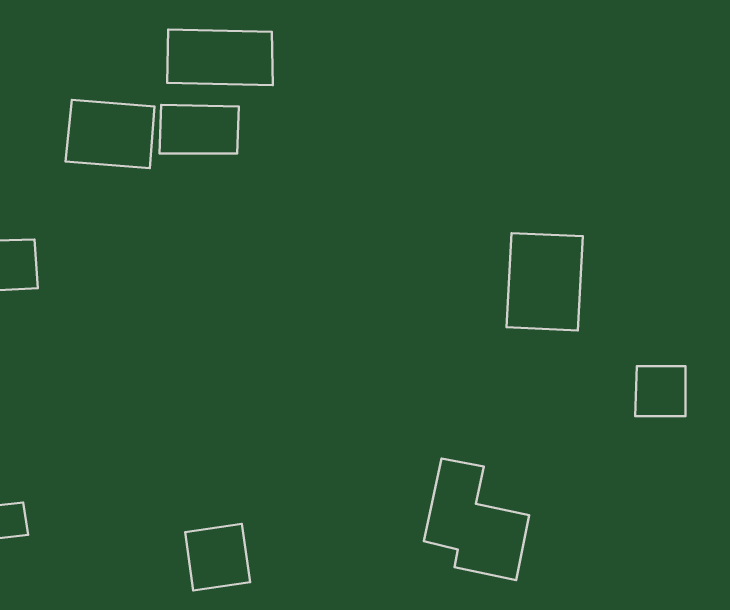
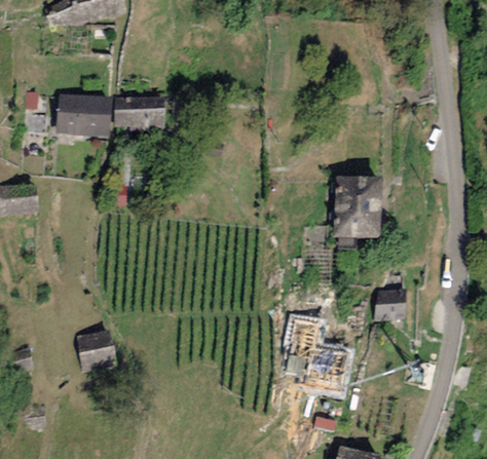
building: [167,30,273,85] -> none
building: [635,366,685,416] -> [374,289,406,320]
building: [185,524,250,590] -> [75,329,116,371]

